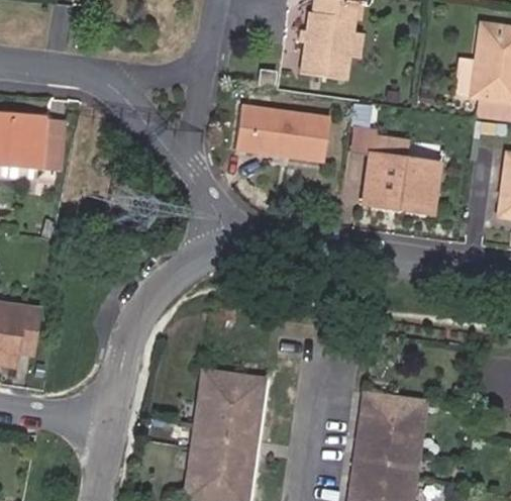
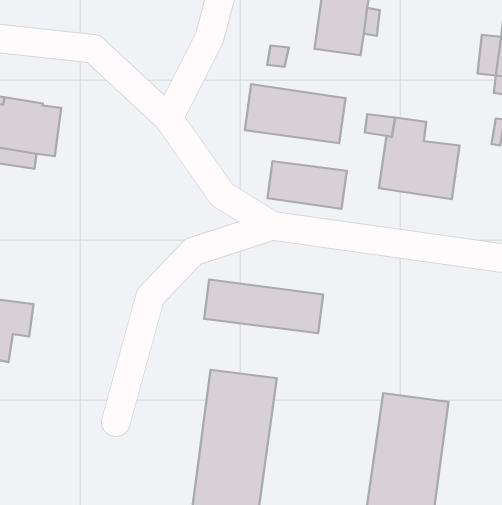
building: none -> [268,161,347,209]
building: none -> [204,279,323,333]

